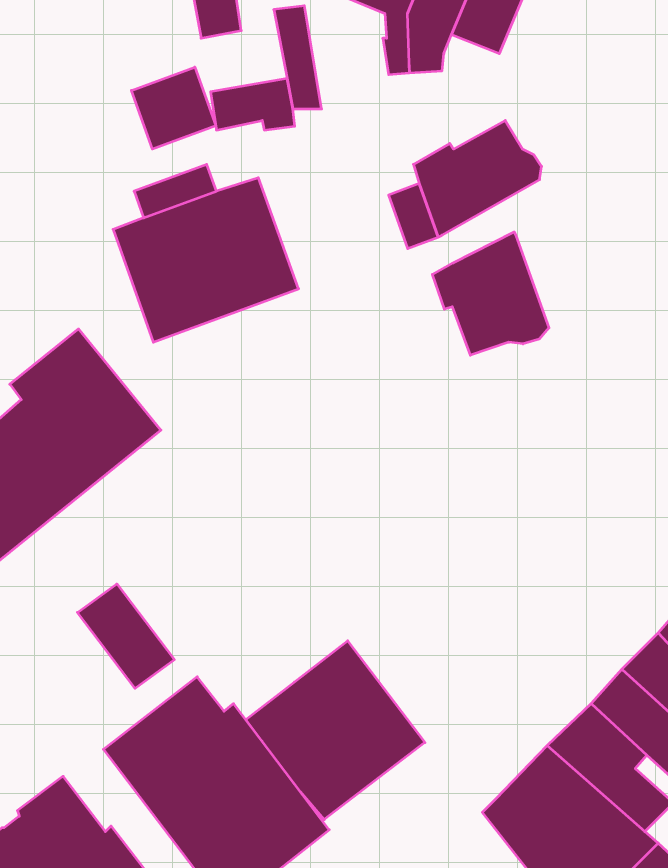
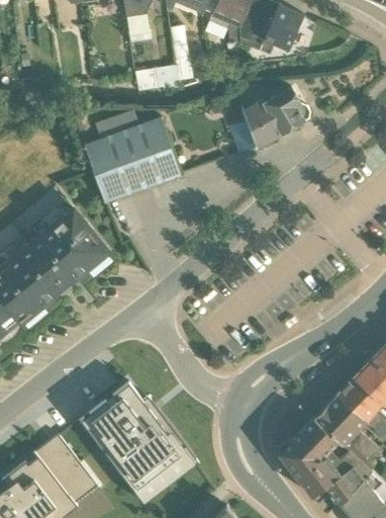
building: [131,67,216,149] -> none
building: [432,232,549,355] -> none
building: [77,584,174,688] -> none
building: [246,641,425,820] -> none

